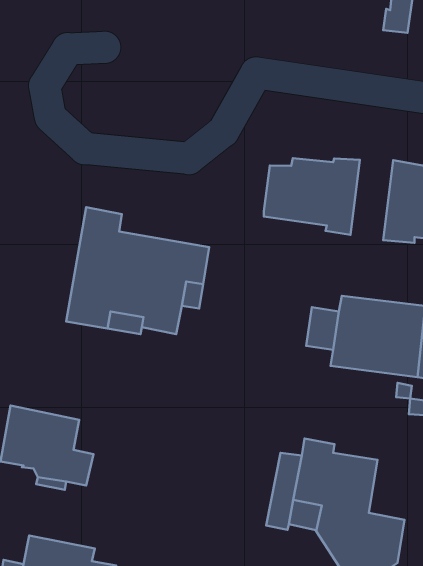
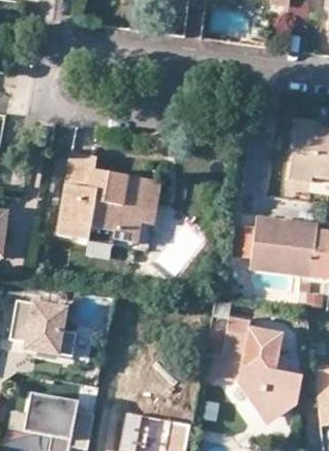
building: [264,158,360,235] -> none

